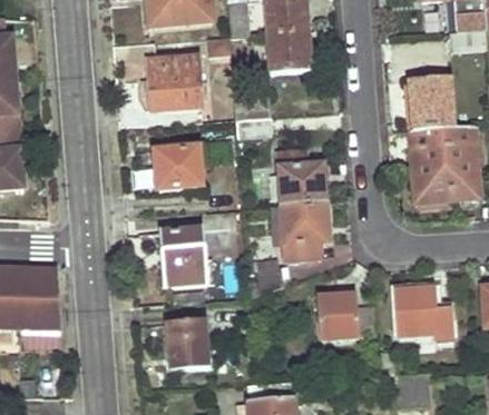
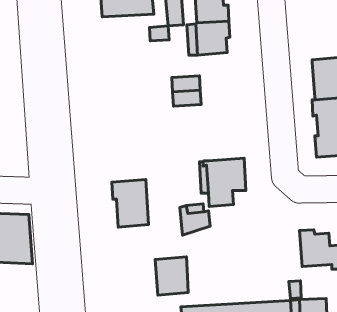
building: [147,41,203,110] -> none
building: [155,147,203,189] -> none
building: [277,149,326,204] -> none
building: [317,295,376,338] -> none
building: [167,319,208,367] -> [155,257,188,295]

